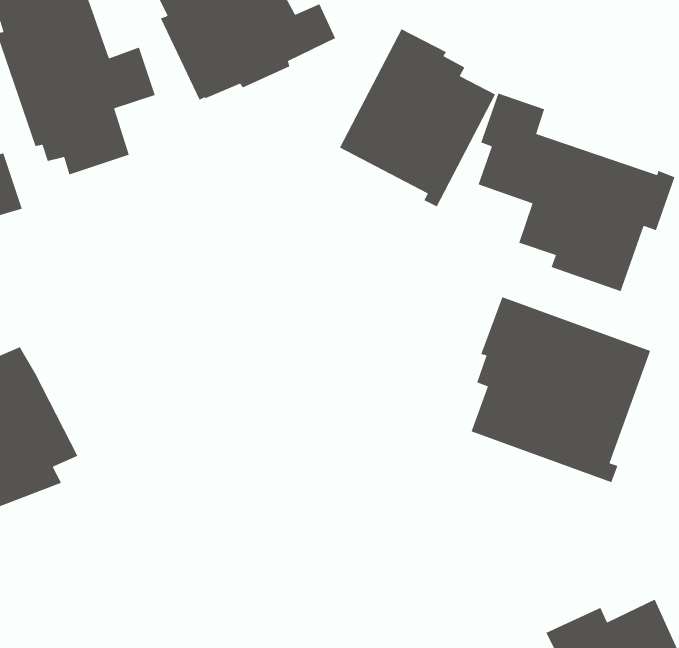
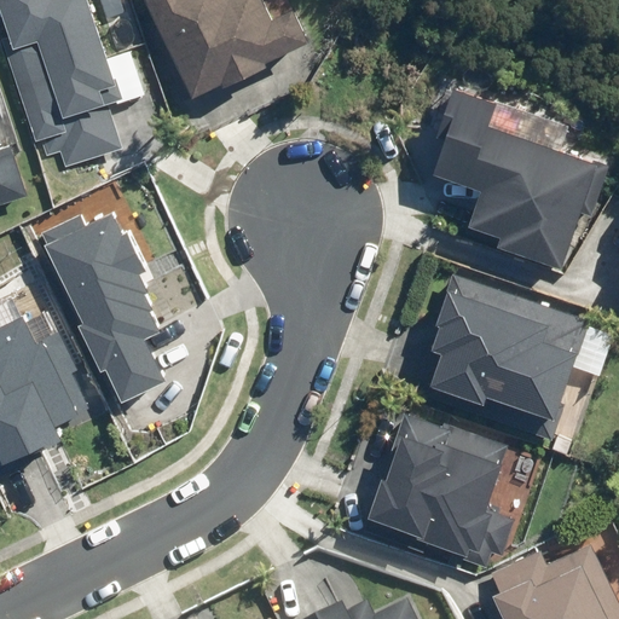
building: [339,28,496,207] -> none
building: none -> [45,213,164,401]
building: none -> [364,415,515,556]

